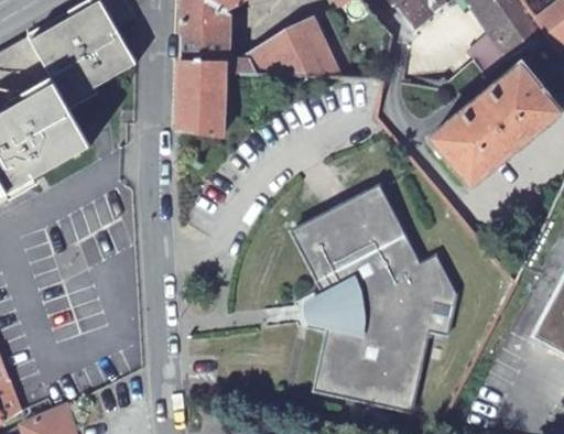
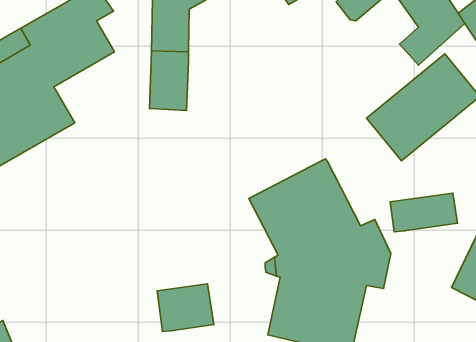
building: [223,20,339,77] -> none
building: none -> [390,193,458,232]
building: none -> [157,284,214,332]

